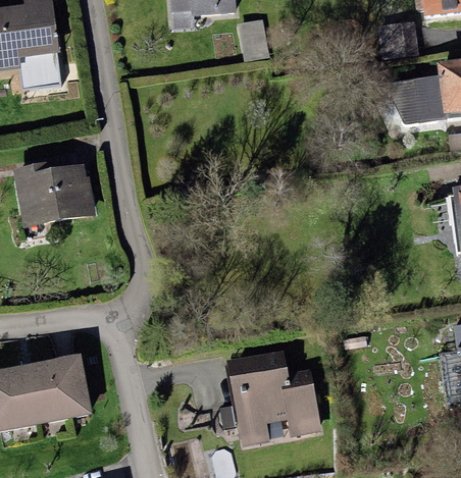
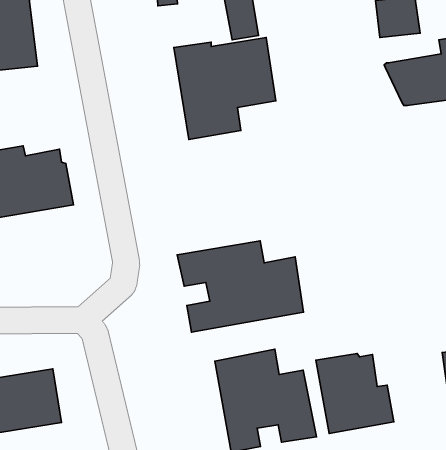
building: none -> [174,38,276,140]
building: none -> [177,241,304,332]
building: none -> [316,353,394,434]

